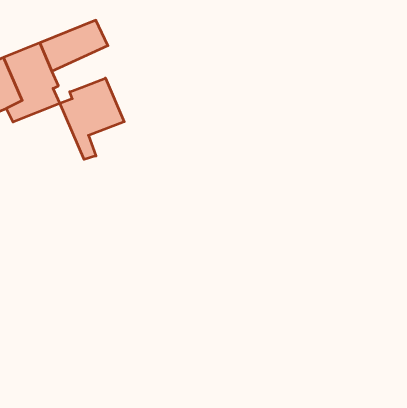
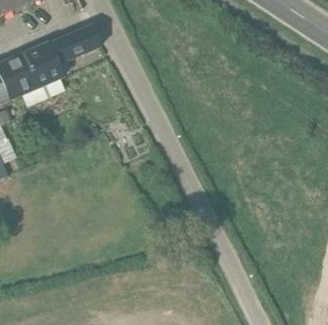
building: [60,78,124,159] -> none

